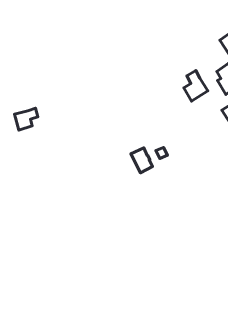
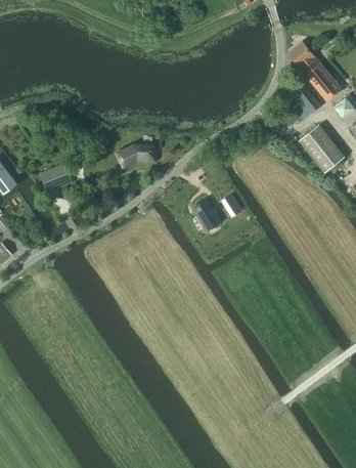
building: [184,71,208,101] -> none
building: none -> [117,143,157,166]

